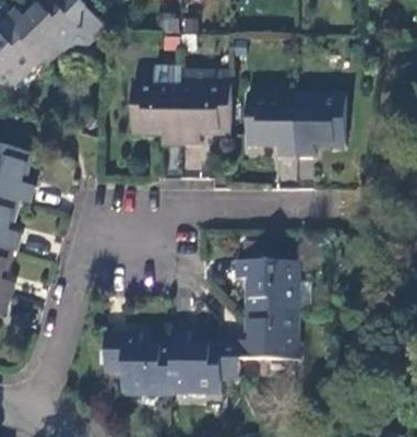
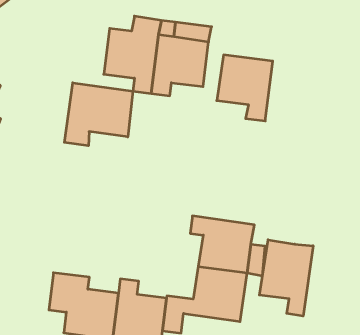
building: [296,97,345,158] -> none
building: none -> [64,83,133,146]
building: none -> [259,240,313,316]

